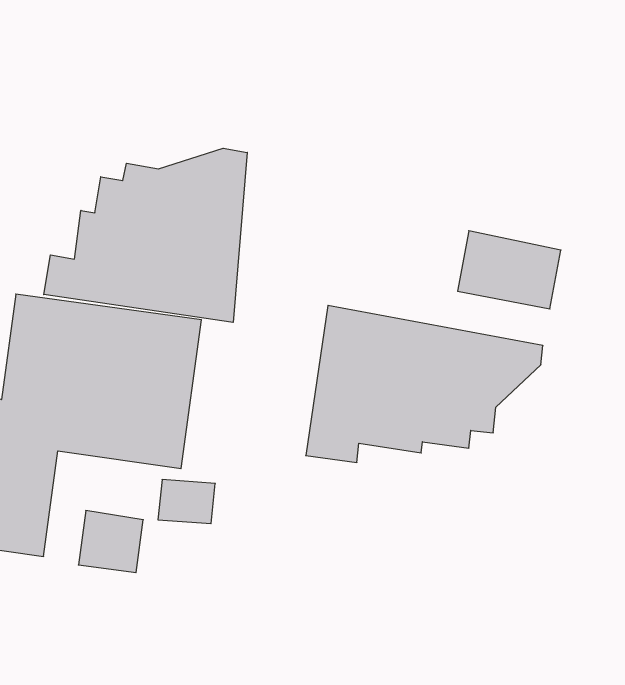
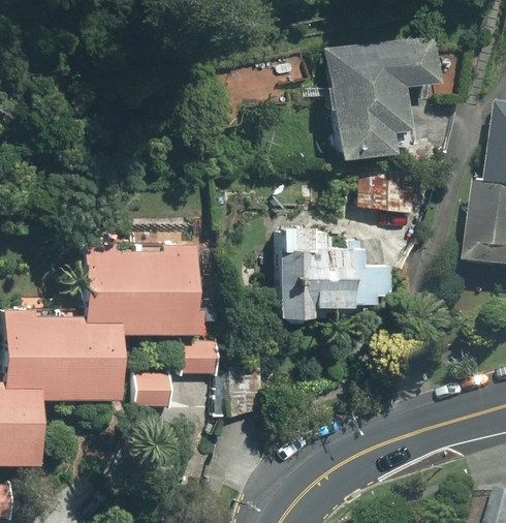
building: none -> [327,40,437,162]
building: [44,148,247,322] -> none

